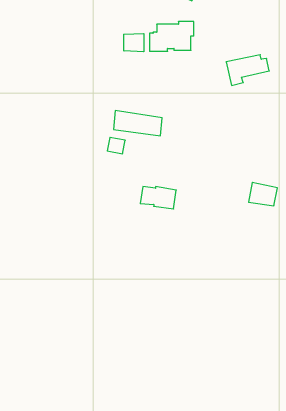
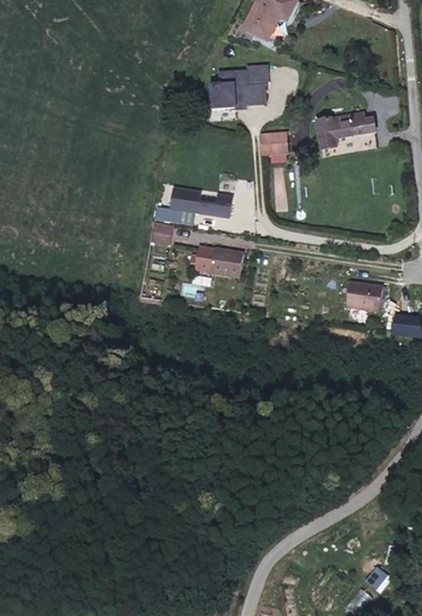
building: [124,34,144,52] -> none
building: none -> [263,133,291,153]
building: [140,187,176,209] -> [197,247,245,277]

